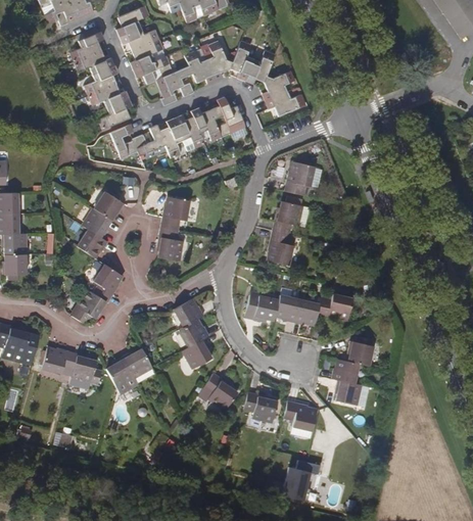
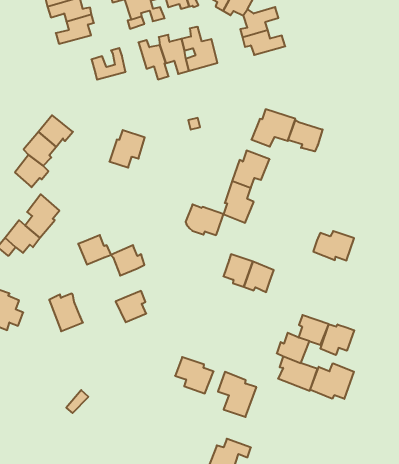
building: [159,116,183,156] -> none
building: [110,123,138,156] -> none
building: none -> [288,120,323,151]
building: [157,226,182,259] -> none
building: [317,293,351,319] -> [313,231,354,260]
building: [245,294,278,320] -> [186,204,223,235]
building: [179,318,209,345] -> [78,235,111,265]
building: none -> [320,324,354,355]
building: [106,356,138,392] -> none
building: [203,372,237,409] -> none
building: none -> [310,363,354,399]

